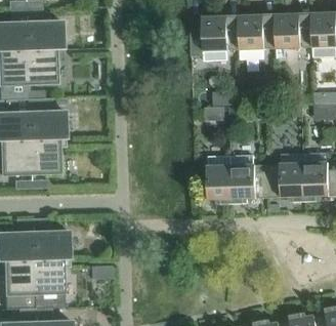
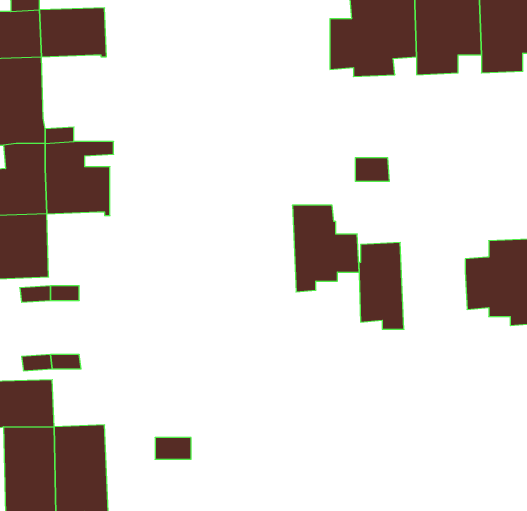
building: [27,48,57,84] -> none
building: [30,137,60,174] -> none
building: [230,155,268,204] -> [292,205,359,292]
building: [33,232,70,259] -> none

